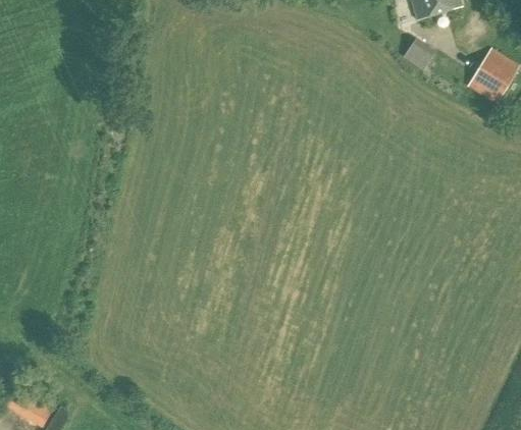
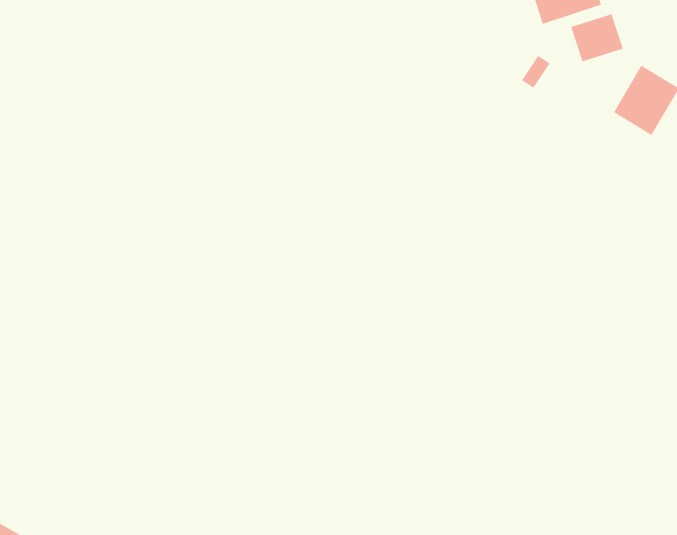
building: none -> [571,14,624,62]

